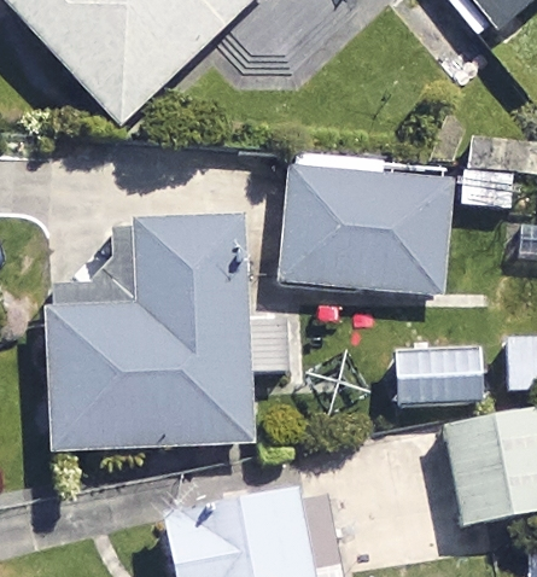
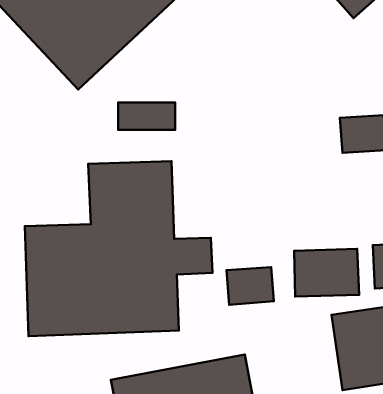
building: [275,170,456,295] -> none

